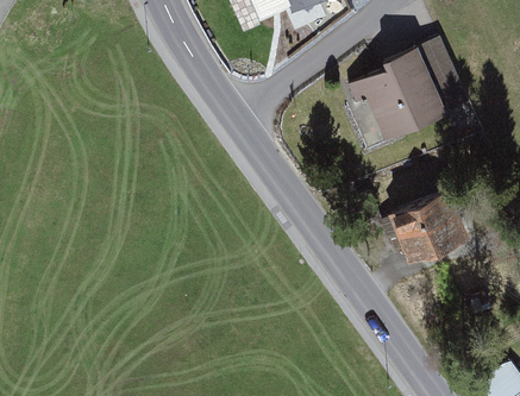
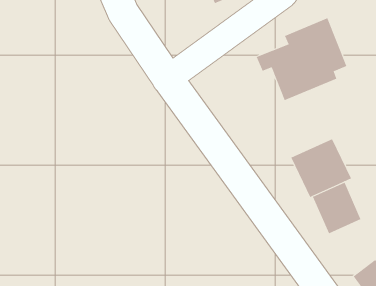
building: none -> [312,182,361,234]

